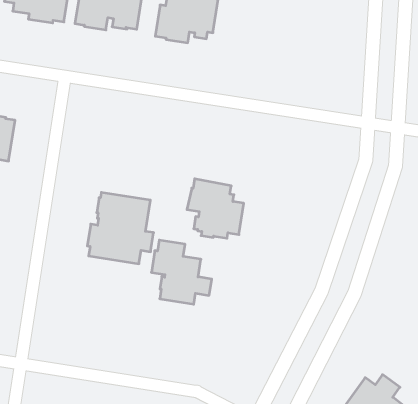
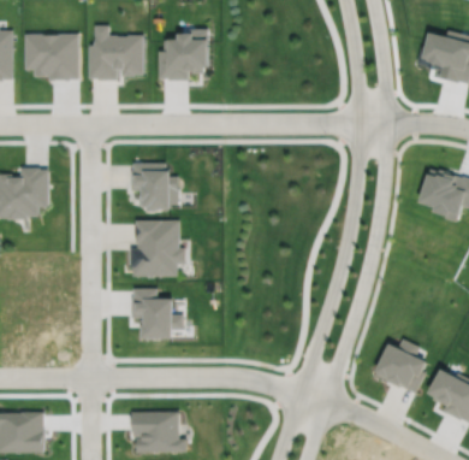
building: [187,179,244,238] -> [130,163,178,211]
building: [151,240,212,304] -> [130,289,183,340]

